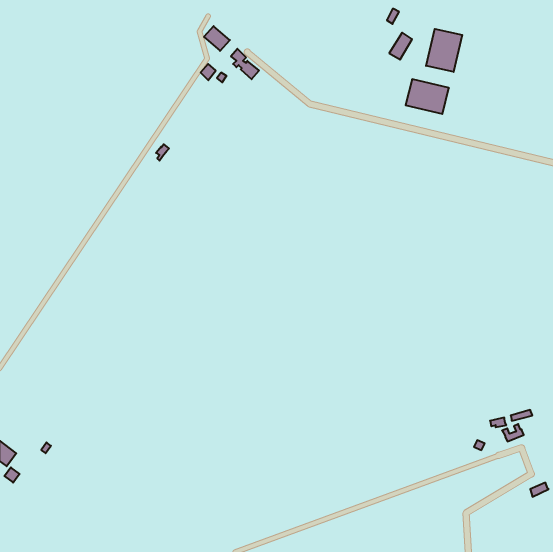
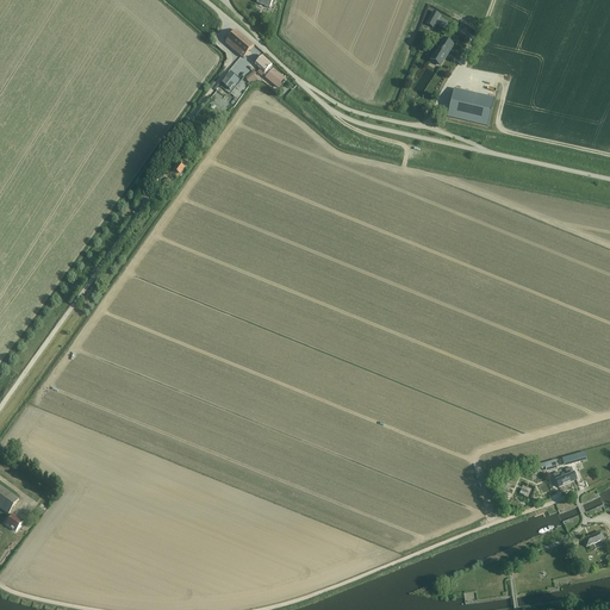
building: [426,29,462,72] -> none

